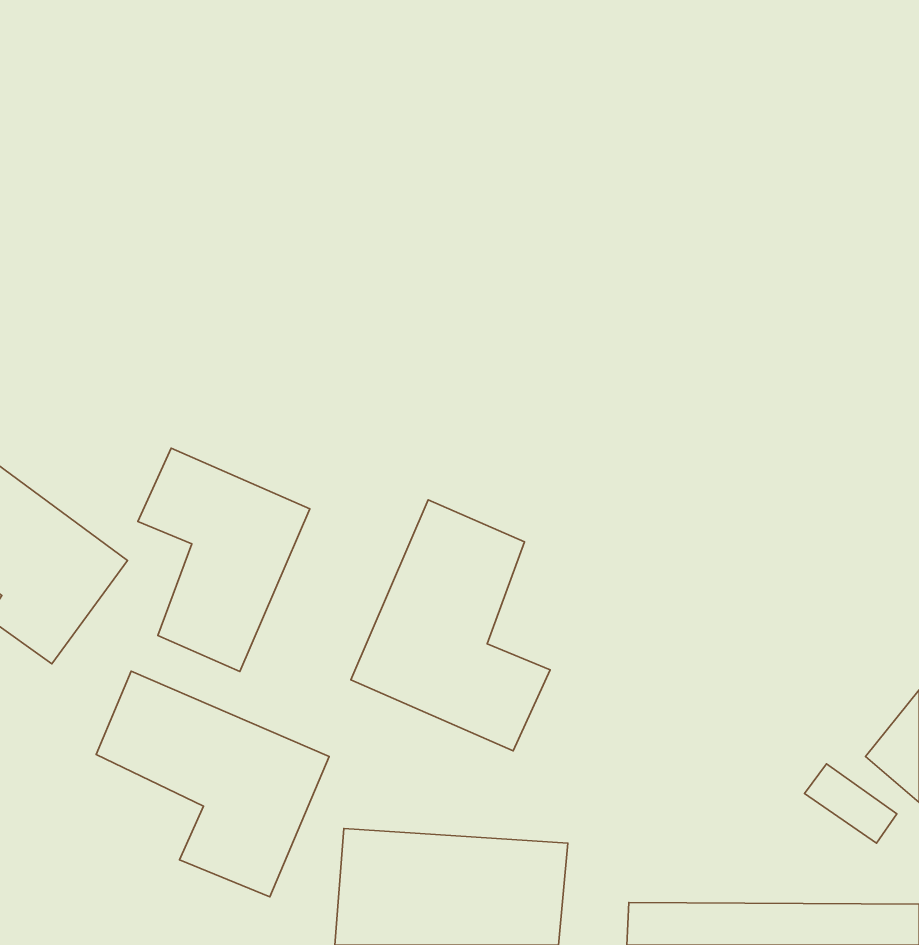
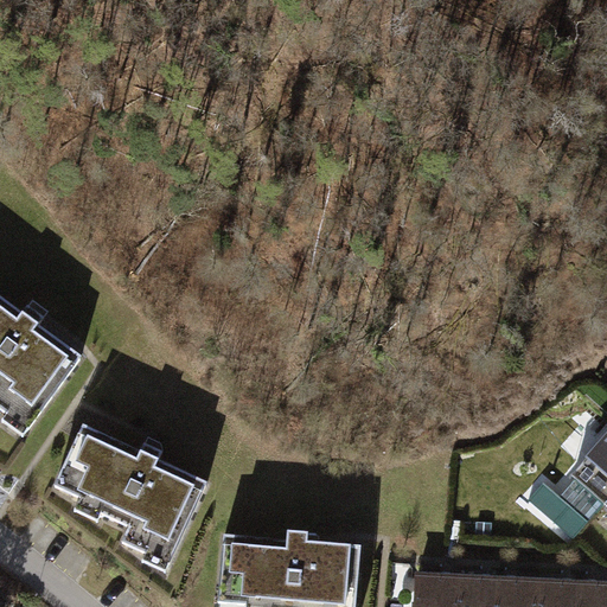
building: [138,448,310,671] -> none
building: [351,500,550,751] -> none

